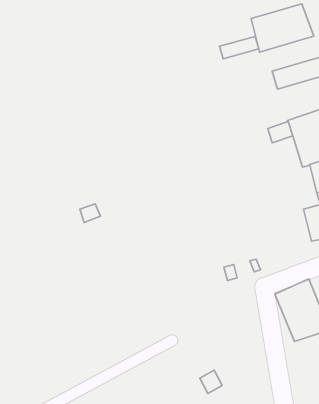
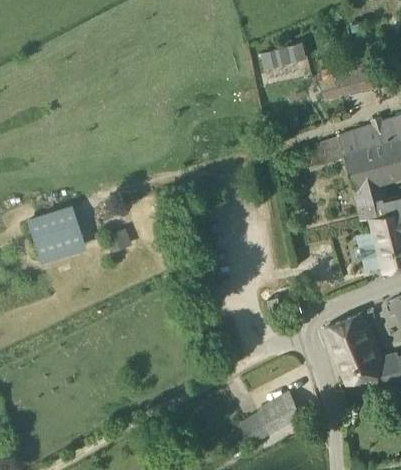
building: [251,4,314,52] -> none
building: none -> [27,206,82,260]
building: none -> [256,398,298,432]

